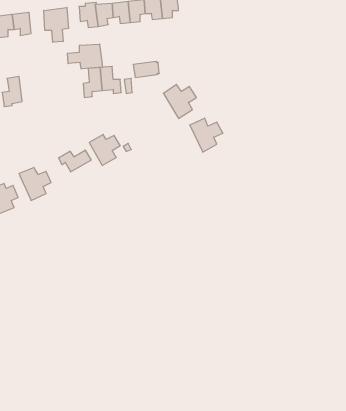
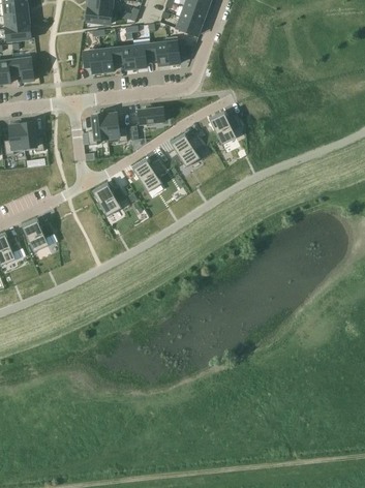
building: [44,7,69,42] -> none
building: [67,44,102,69] -> none
building: none -> [21,123,43,152]
building: none -> [131,158,165,192]
building: [190,118,223,152] -> [208,111,242,146]
building: [59,150,91,172] -> none

